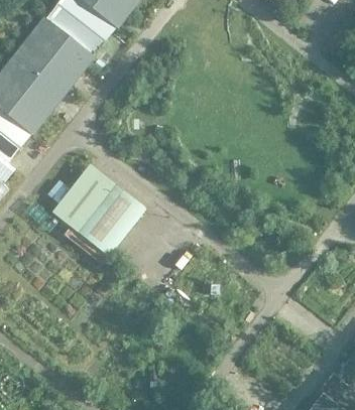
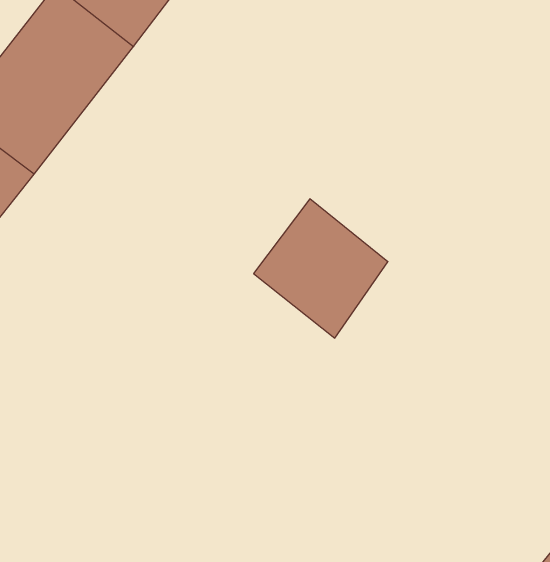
building: [57,170,139,255] -> [254,199,388,338]

